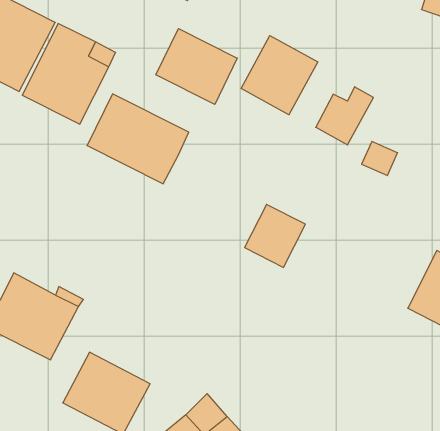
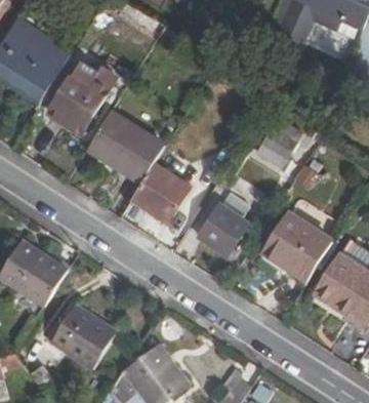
building: [156,29,237,104] -> none
building: [241,36,318,115] -> none
building: none -> [130,162,192,223]
building: none -> [261,211,332,280]

